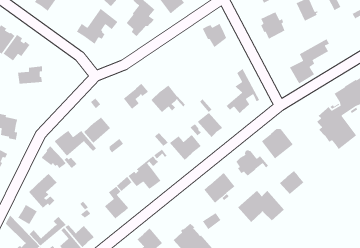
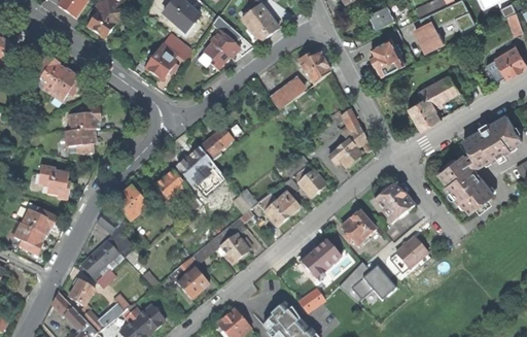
building: none -> [270,79,304,110]
building: none -> [64,128,96,154]
building: [150,84,186,113] -> [176,147,220,183]

